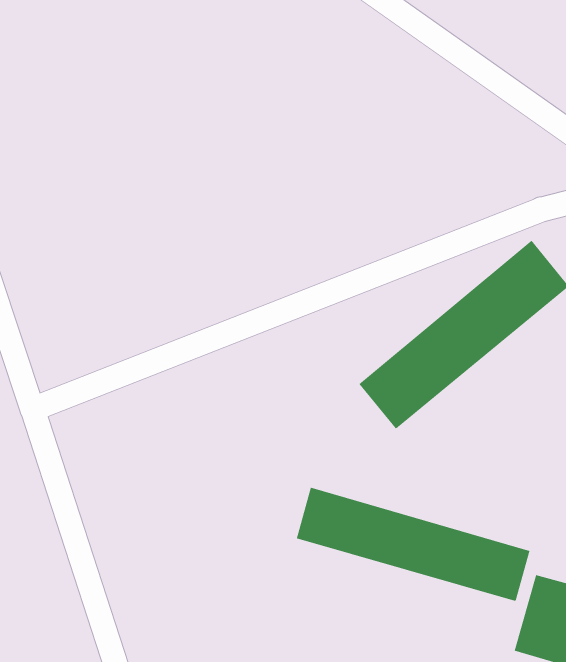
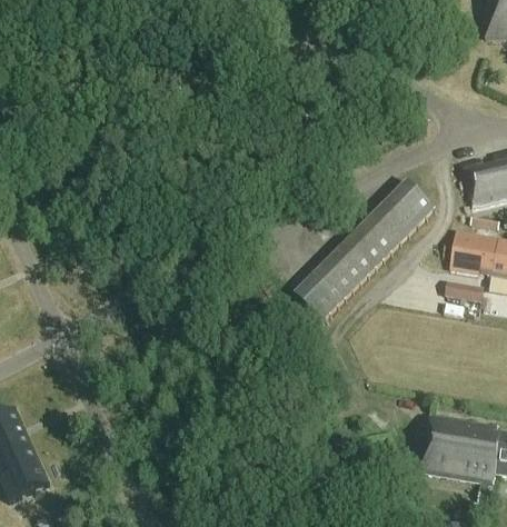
building: [296,487,530,601] -> none

